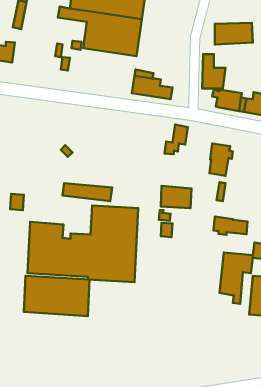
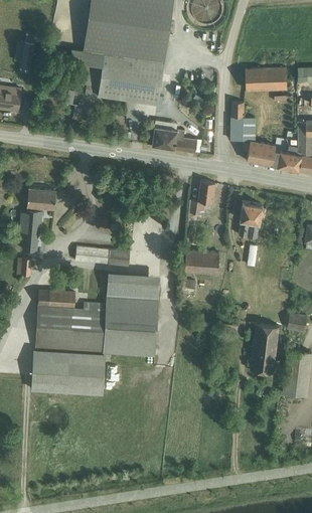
building: none -> [19,188,55,252]
building: [213,217,247,235] -> none

